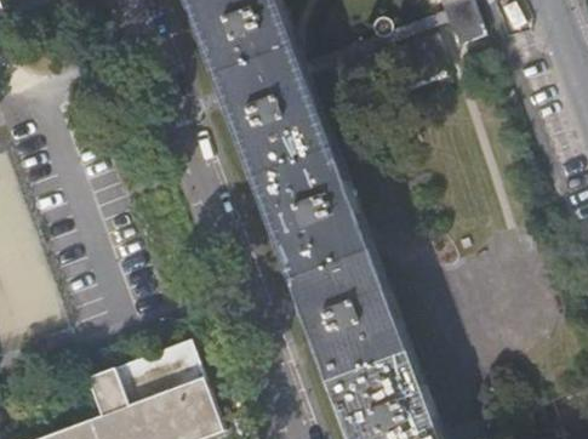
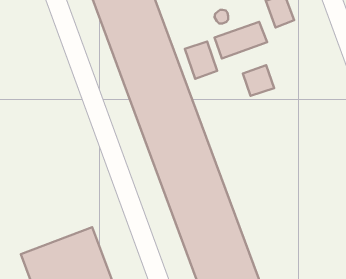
building: none -> [185,41,217,79]
building: none -> [243,65,274,96]

